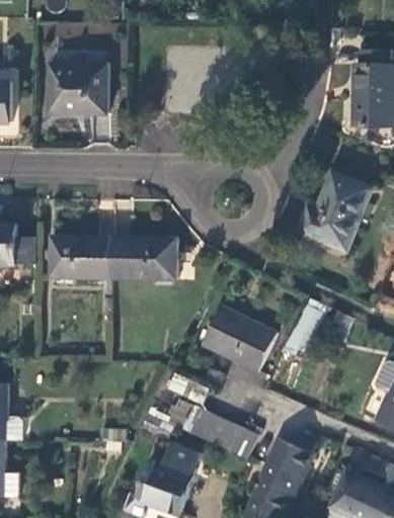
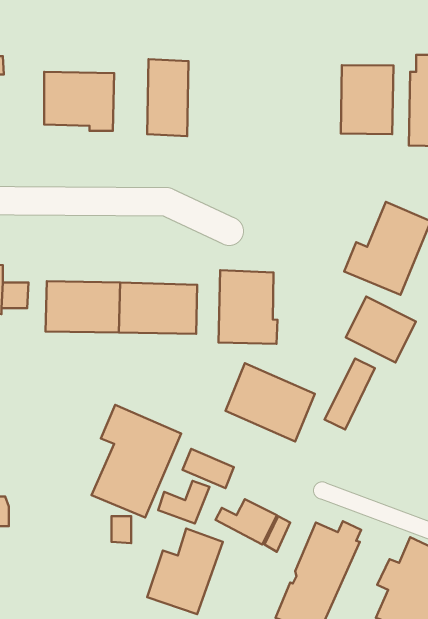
building: none -> [147,59,189,136]
building: none -> [341,65,393,134]
building: none -> [218,270,278,344]
building: none -> [346,297,416,362]
building: none -> [91,405,181,518]

